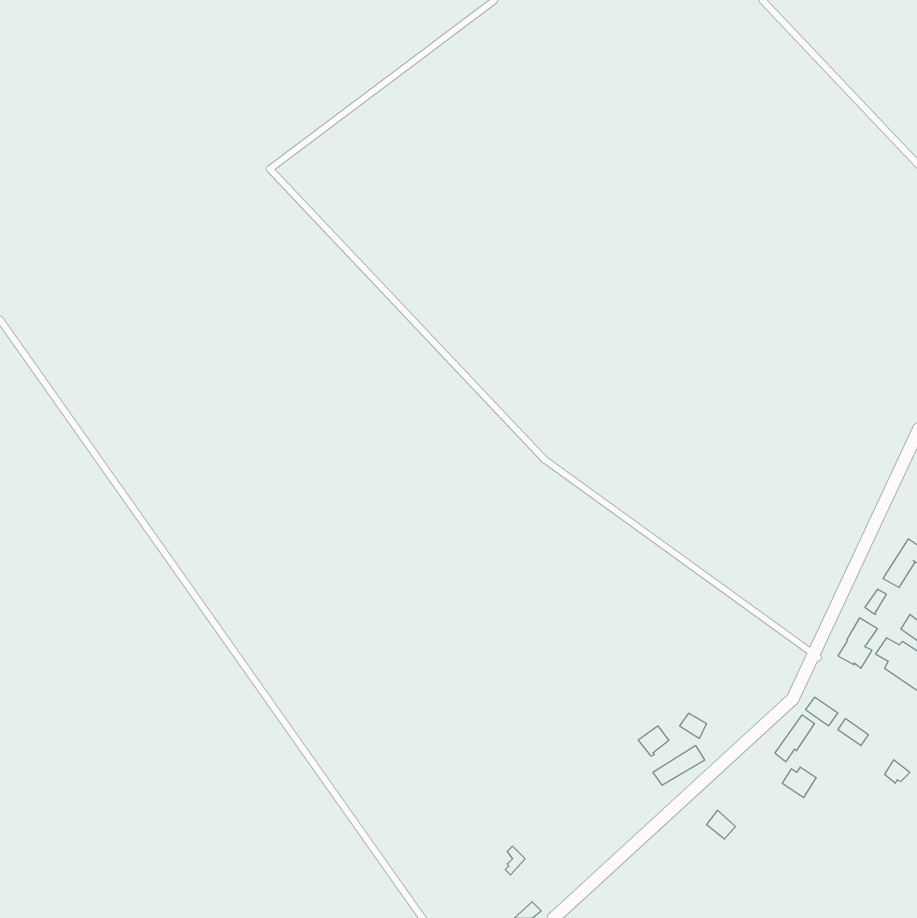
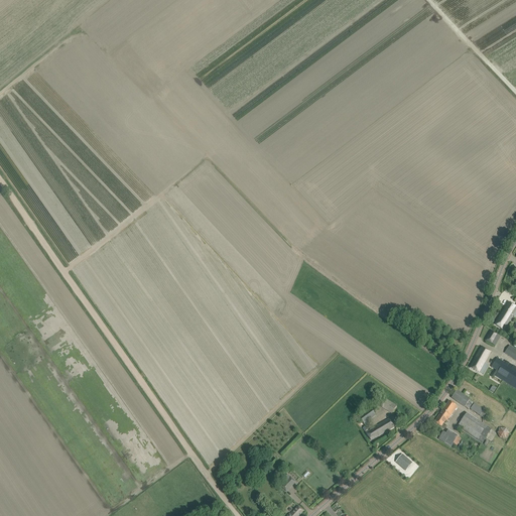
building: none -> [459,413,492,443]

